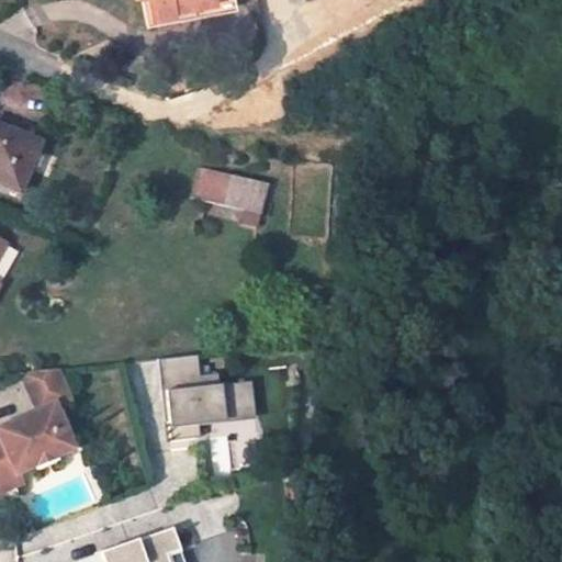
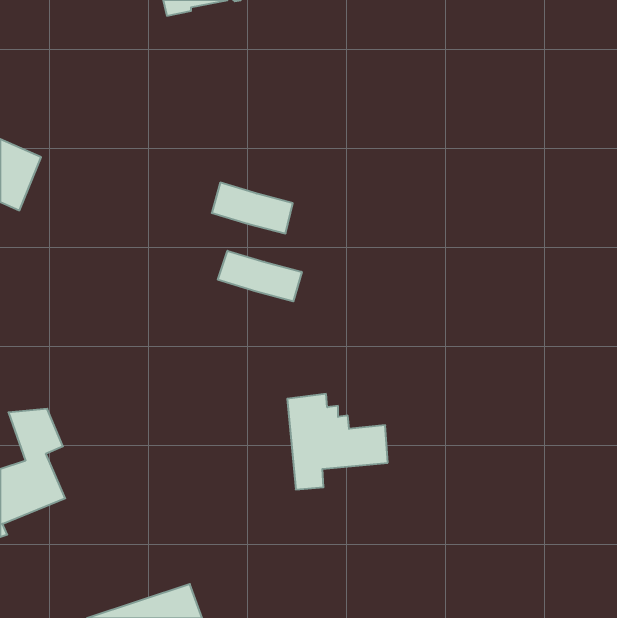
building: none -> [218,251,302,301]
building: [165,356,256,442] -> [287,394,388,489]

